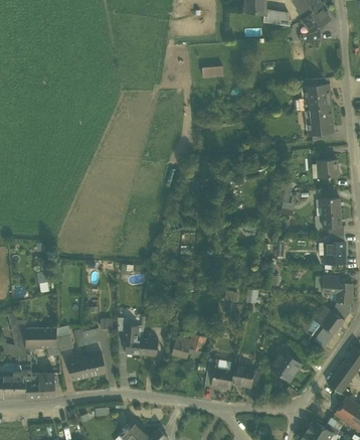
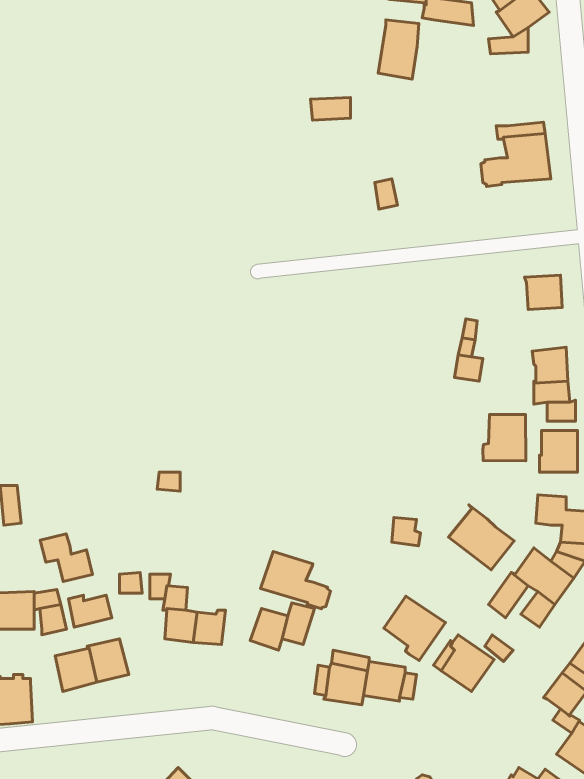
building: none -> [378,20,419,79]
building: [305,108,333,135] -> none
building: none -> [483,415,526,461]
building: none -> [448,505,514,570]
building: none -> [40,534,93,582]
building: none -> [261,552,331,609]
building: none -> [384,596,445,661]

